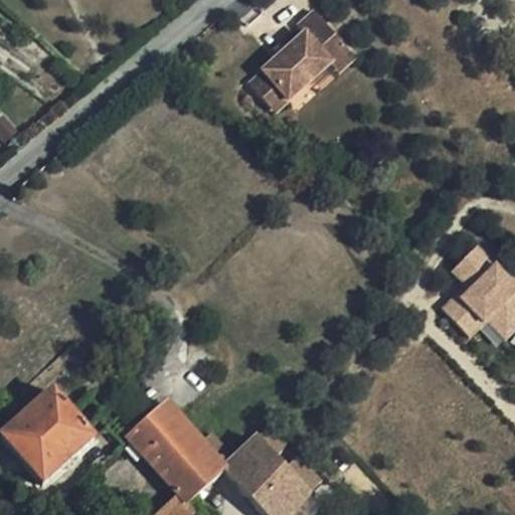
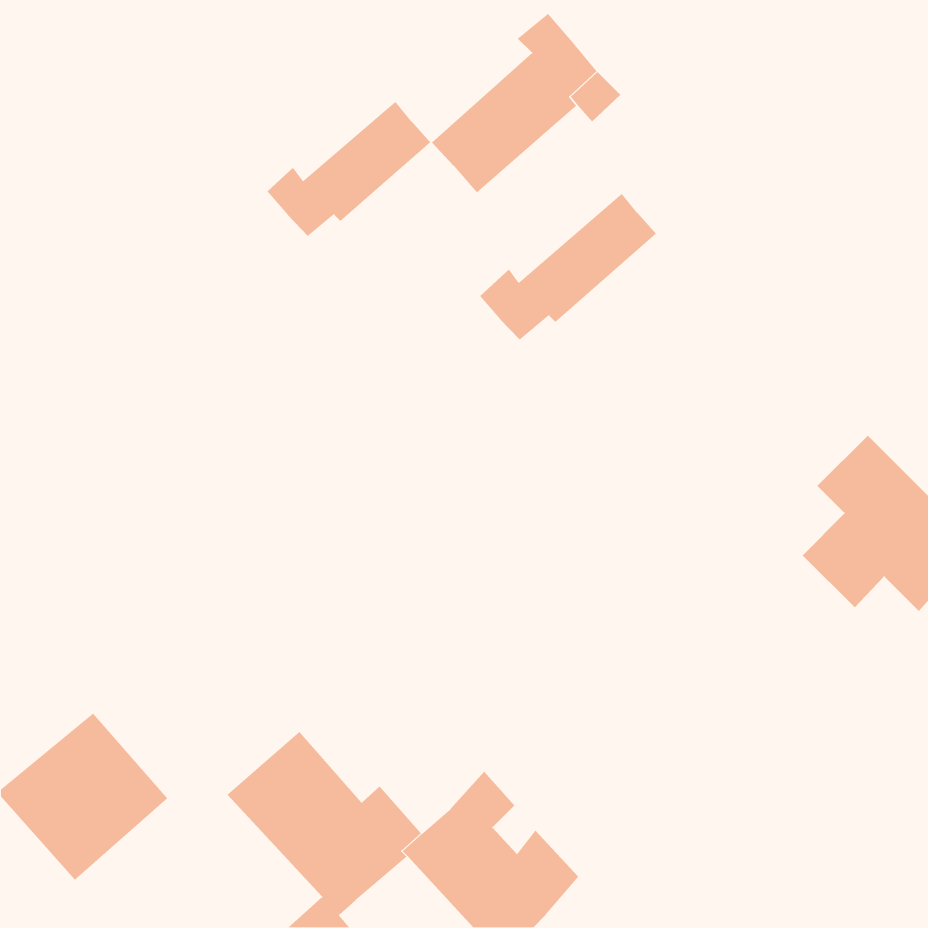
building: none -> [266,101,431,237]
building: none -> [479,193,657,340]

